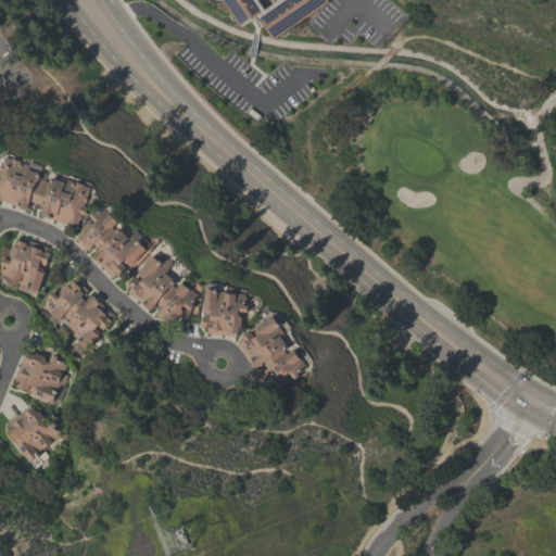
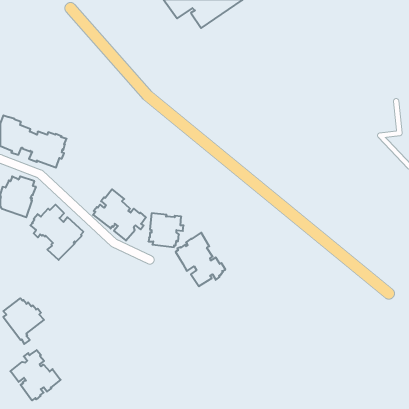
building: [76,206,150,276] -> none
building: [14,351,67,402] -> none
building: none -> [10,350,61,400]

